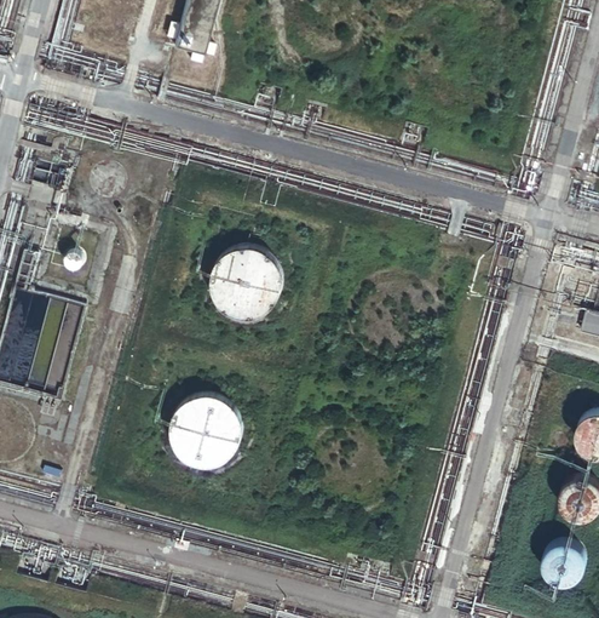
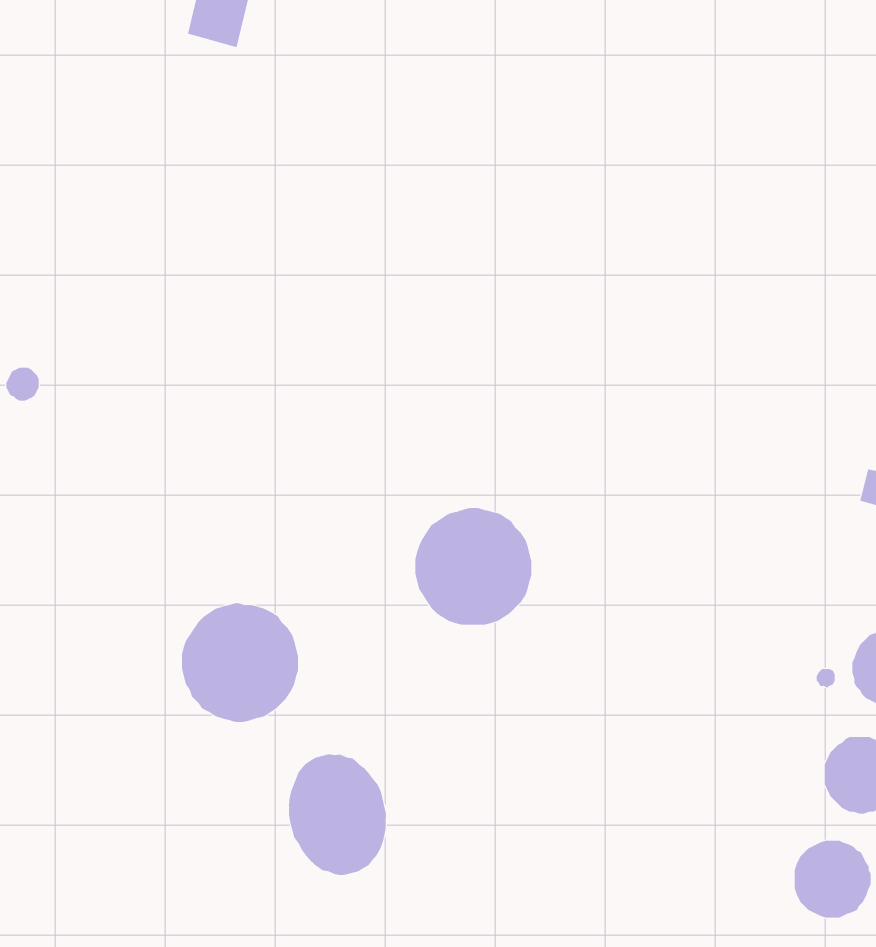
building: [211,247,282,319] -> [414,508,532,625]
building: none -> [288,753,386,876]

